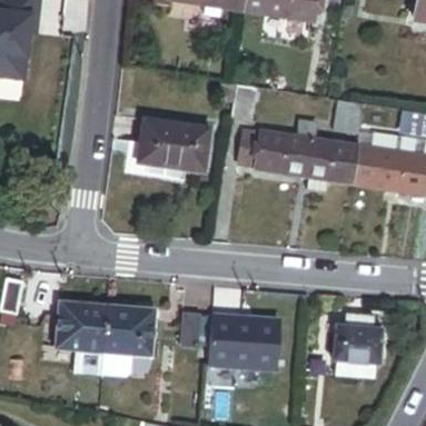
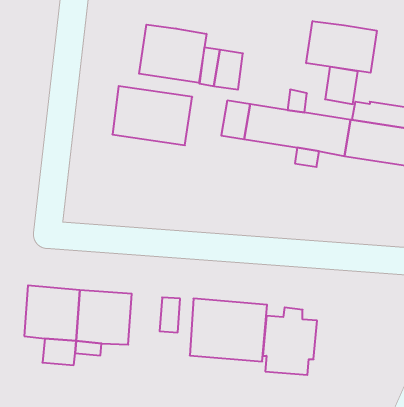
building: none -> [306,21,377,73]
building: none -> [139,25,206,83]
building: [334,317,384,379] -> [263,307,317,375]

